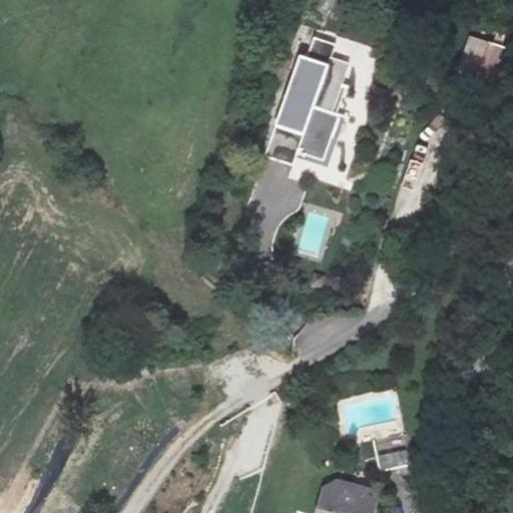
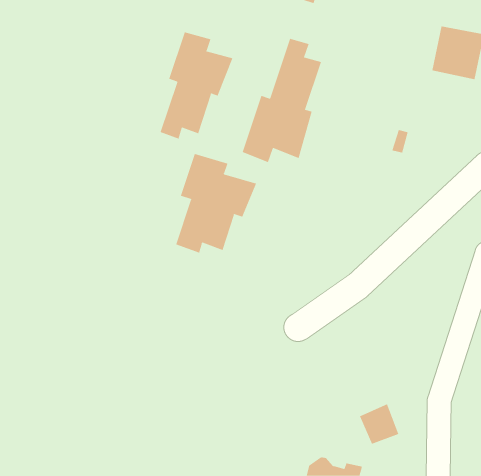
building: none -> [160,31,233,140]
building: none -> [176,153,257,253]

